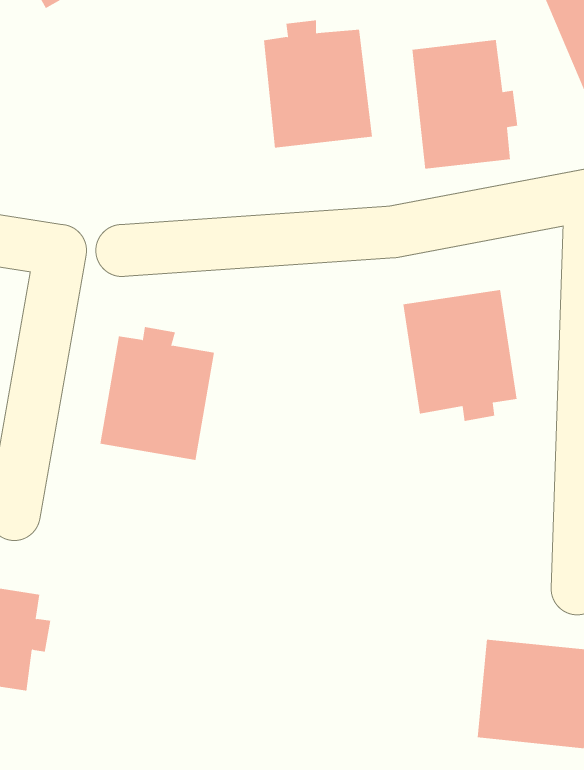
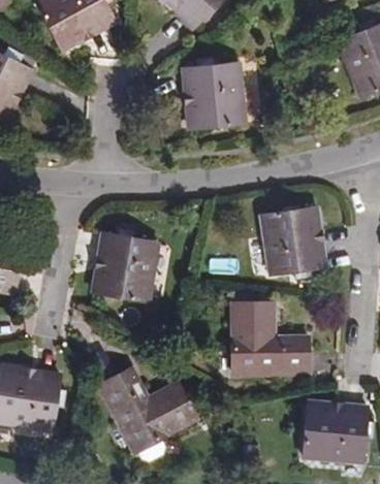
building: [412,39,518,169] -> none
building: none -> [231,302,308,375]
building: none -> [98,368,197,452]

